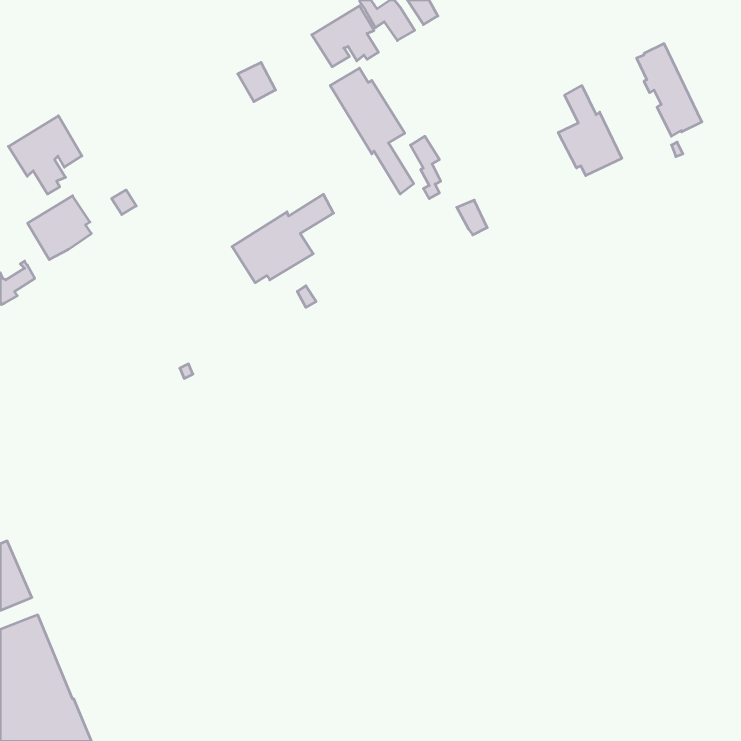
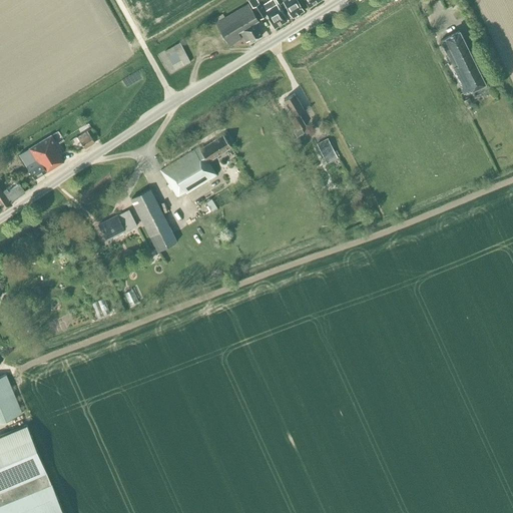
building: [330,68,414,194] -> none
building: [558,86,622,176] -> none
building: [8,116,82,194] -> none
building: none -> [132,188,176,250]
building: none -> [99,209,137,240]

